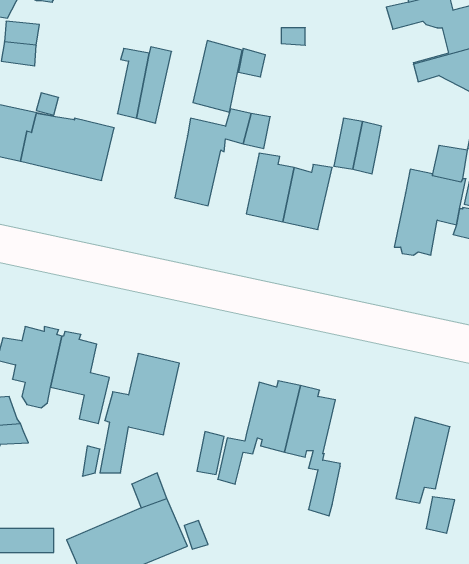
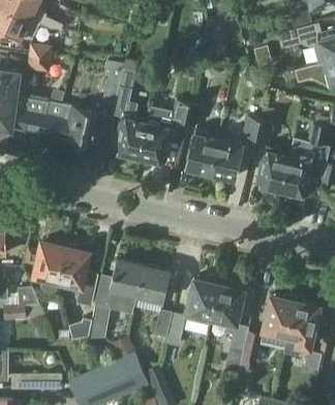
building: [193,41,242,112] -> [116,112,148,158]
building: none -> [258,146,290,191]
building: none -> [133,266,170,310]
building: none -> [242,295,296,362]

